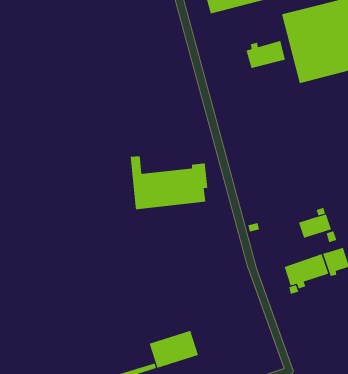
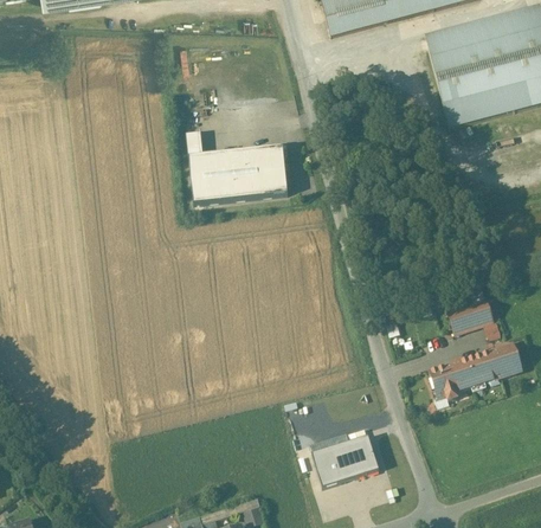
building: [246,40,286,69] -> none
building: [130,156,208,210] -> [186,131,290,204]
building: [149,330,199,368] -> [311,436,378,487]

